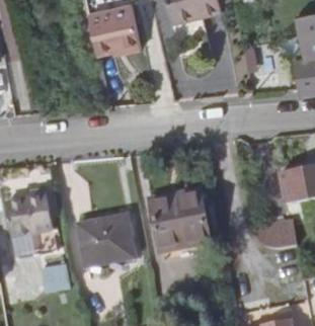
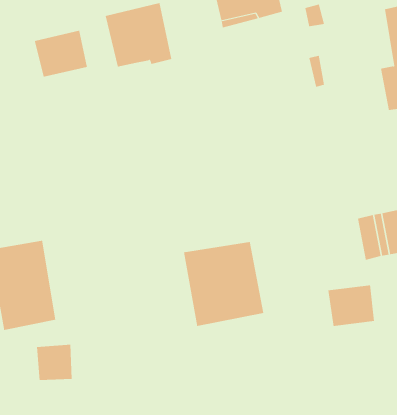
building: none -> [34,30,88,78]
building: [76,215,135,266] -> none

